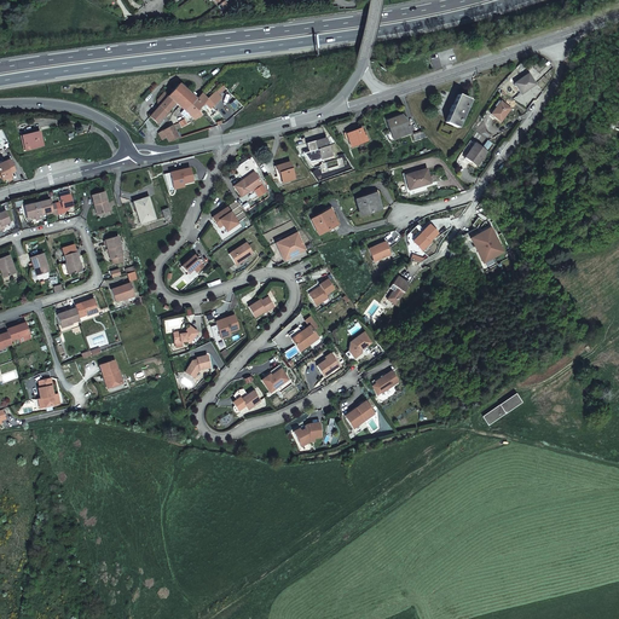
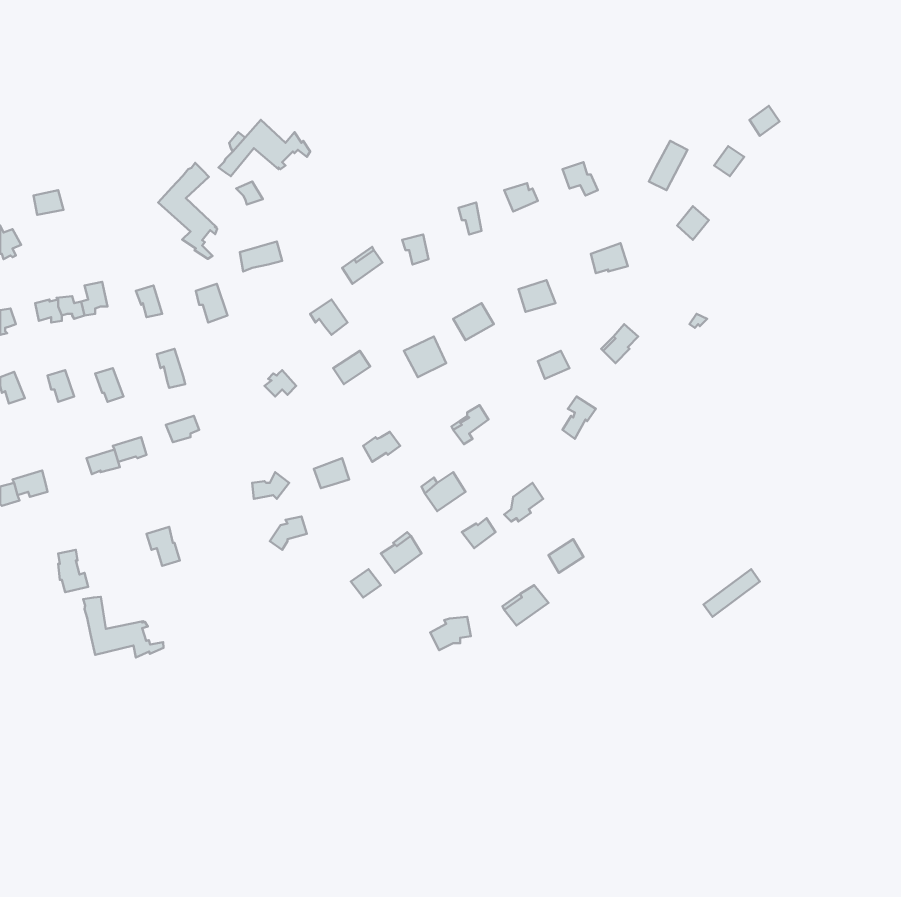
building: none -> [158,163,217,259]
building: [470,225,504,260] -> none
building: none -> [83,597,163,658]

